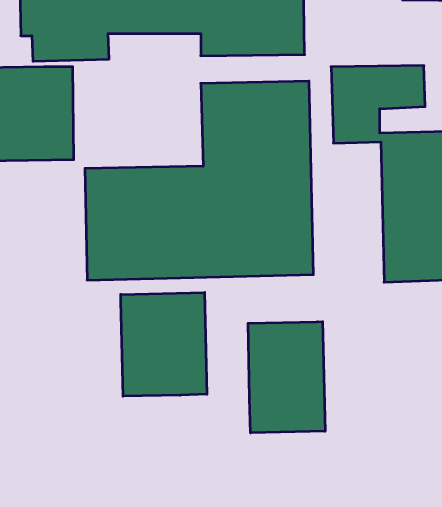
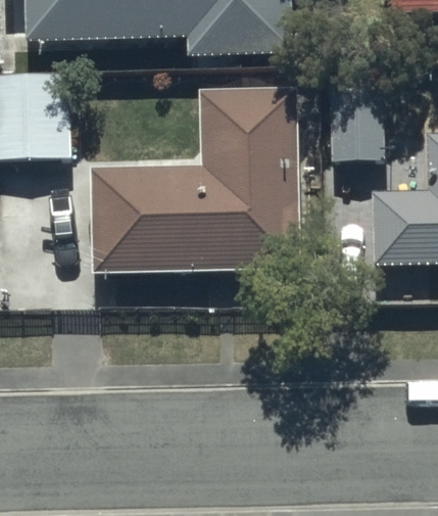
building: [121,292,207,396] -> none
building: [248,322,325,433] -> none

